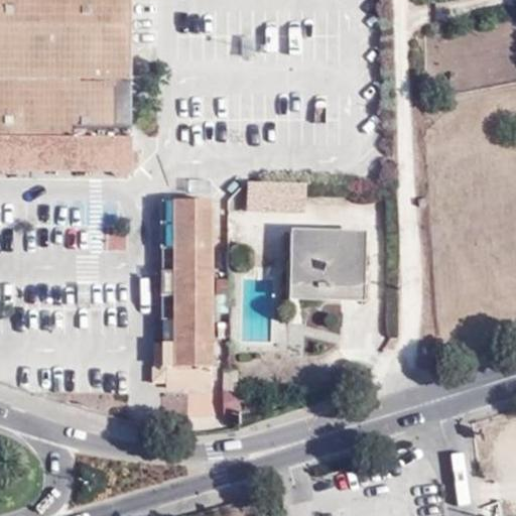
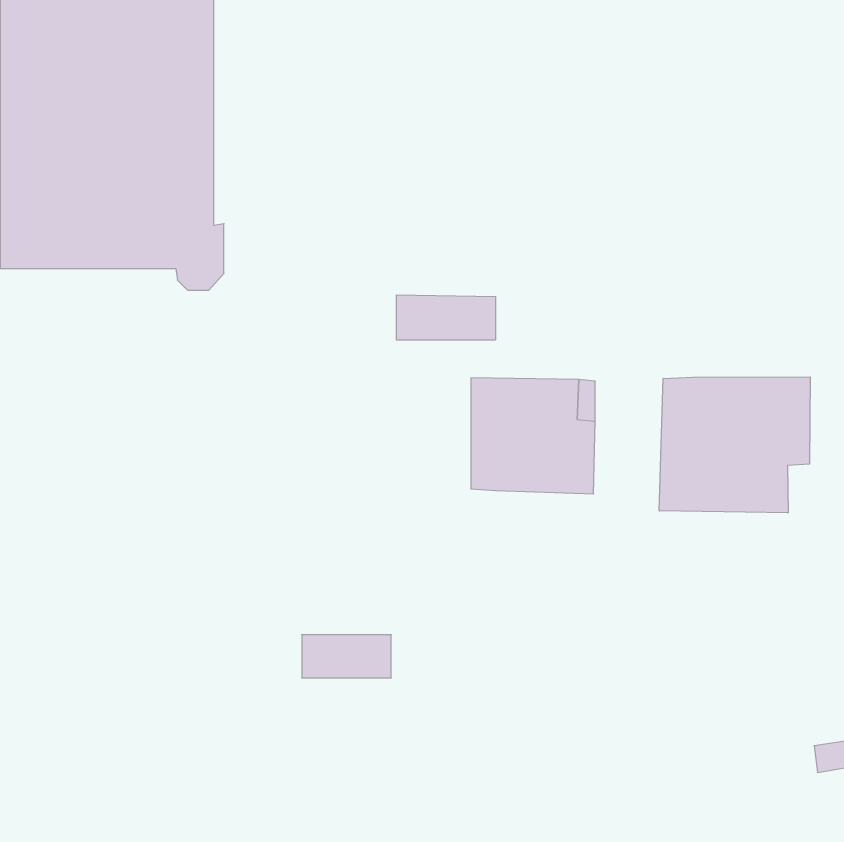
building: [162,202,214,383] -> none
building: none -> [659,377,810,513]

